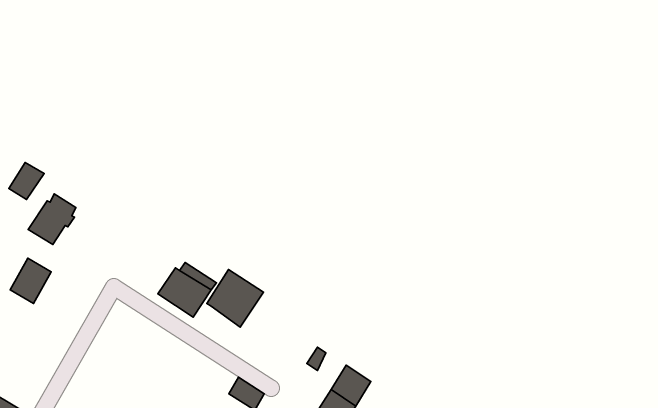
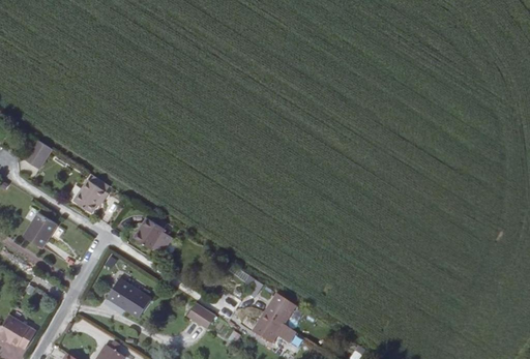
building: [28,194,76,245] -> [73,177,110,215]
building: [207,269,263,327] -> none
building: none -> [106,278,150,318]

